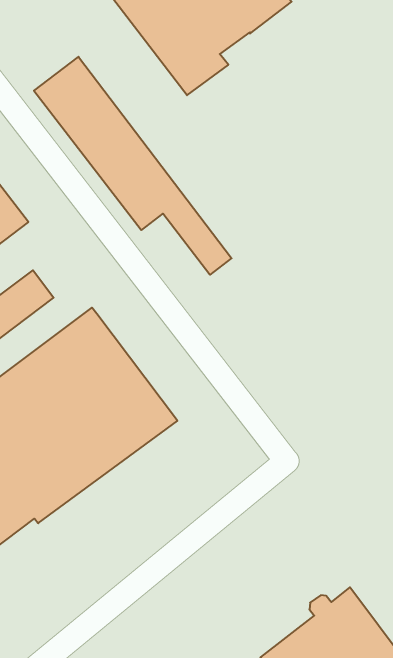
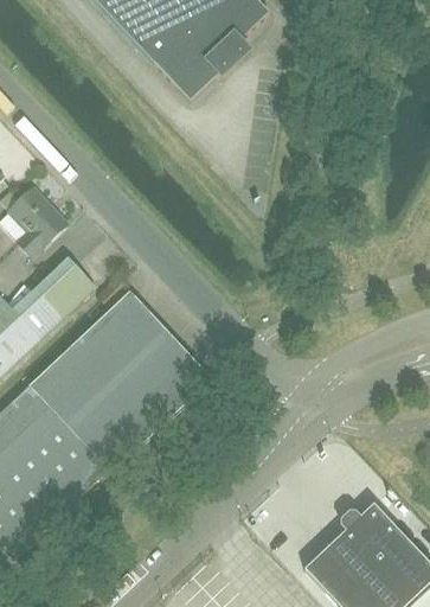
building: [34,57,232,275] -> none

